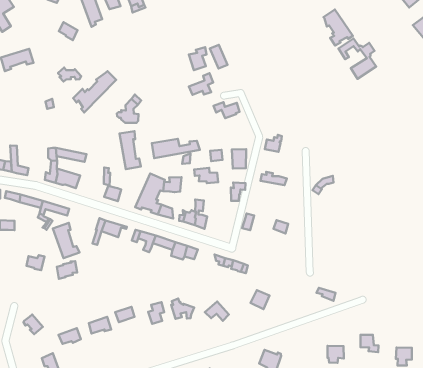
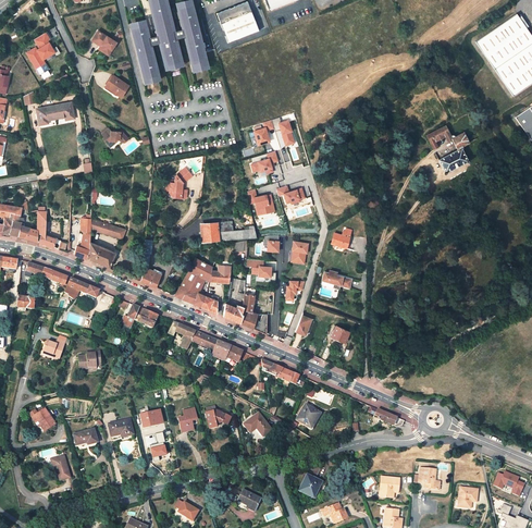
building: [323,10,353,46] -> none
building: [73,71,116,113] -> none
building: none -> [248,188,276,216]
building: [120,131,141,169] -> none
building: [53,223,79,258] -> none

